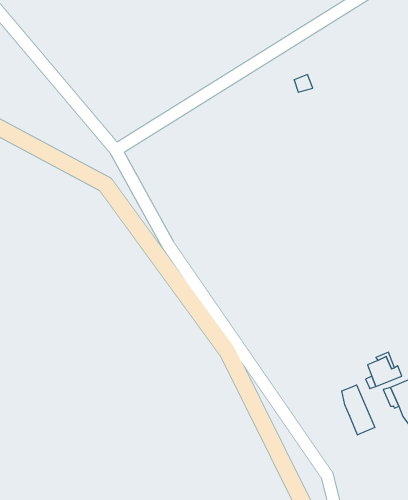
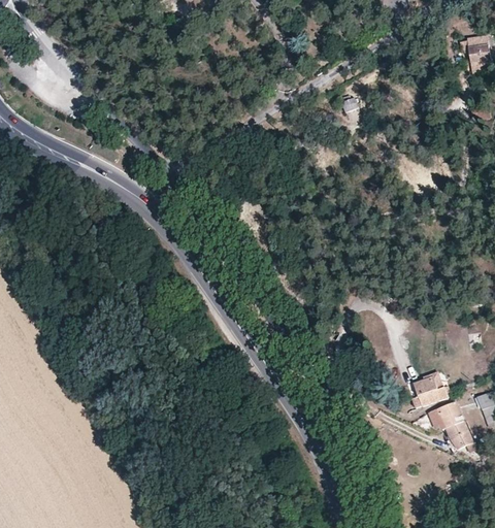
building: [342,385,375,435] -> none

